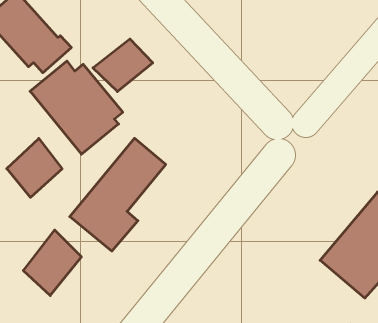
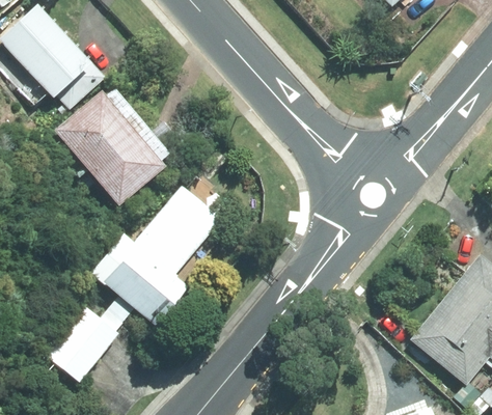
building: [93,39,153,92] -> none
building: [7,138,62,197] -> none

